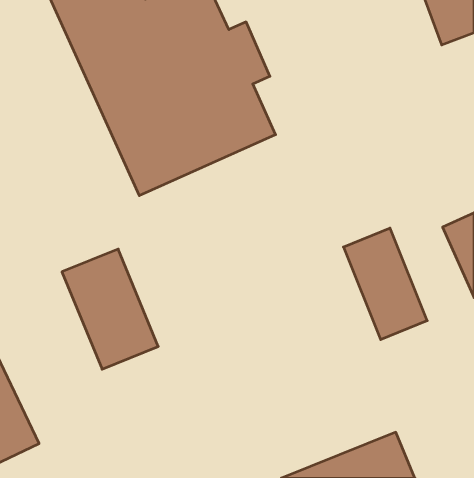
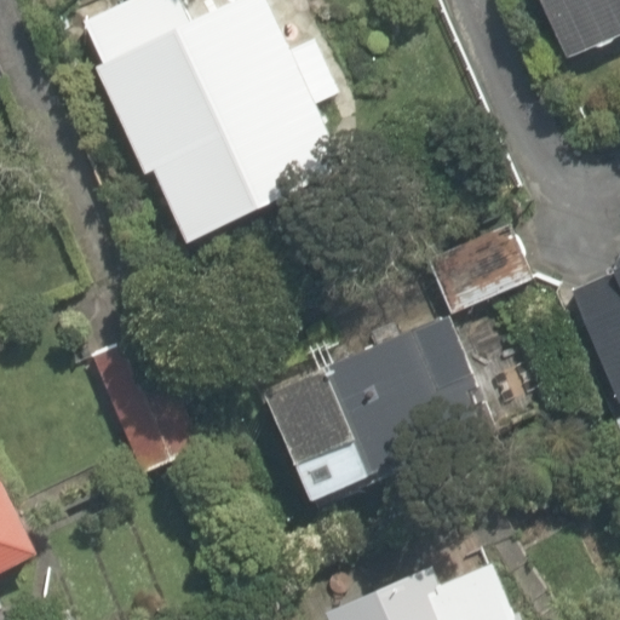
building: none -> [254,310,458,510]

